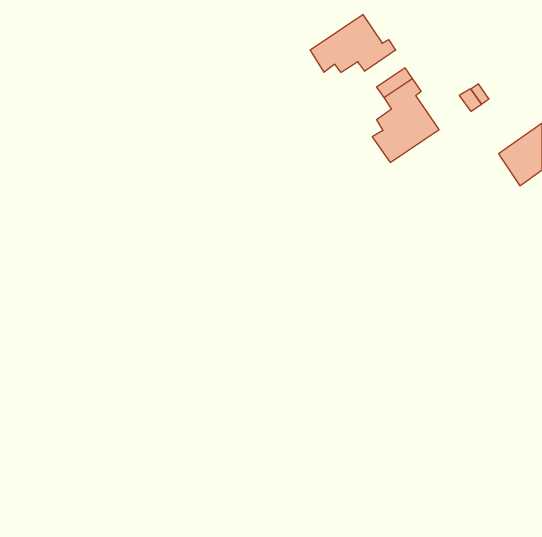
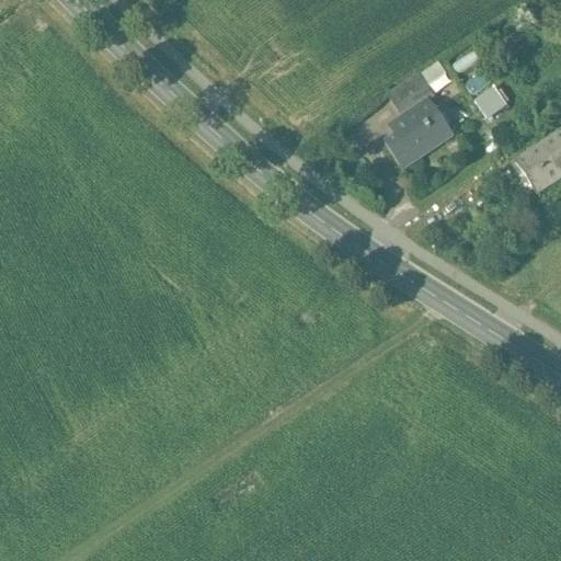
building: [310,14,396,72] -> none

